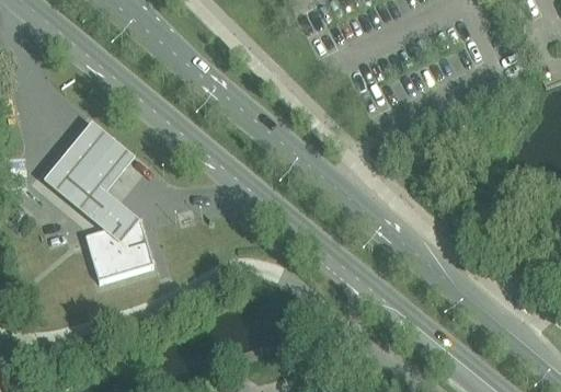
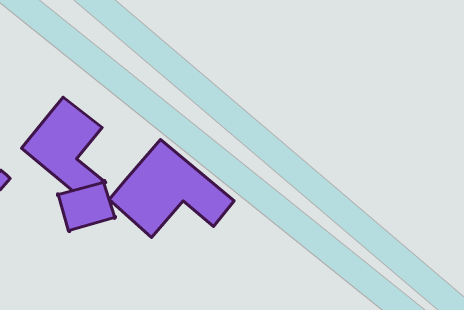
building: none -> [109,139,234,238]

